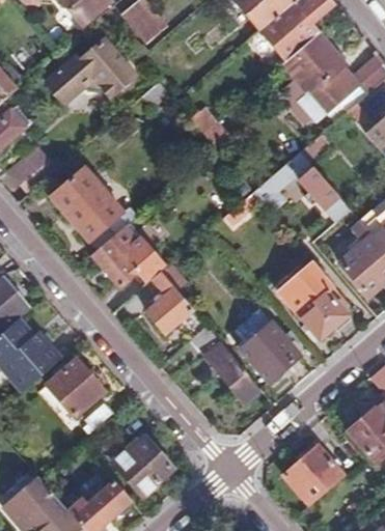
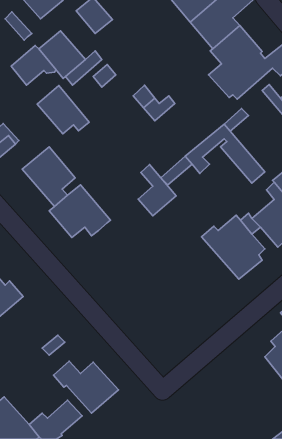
building: none -> [37,86,89,134]
building: [147,270,193,331] -> [138,165,176,216]
building: [190,324,262,399] -> none
building: [243,324,299,380] -> none
building: [45,359,105,417] -> none
building: [284,446,343,504] -> none

